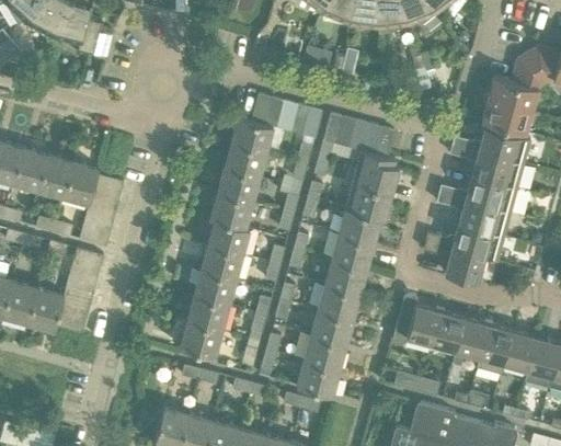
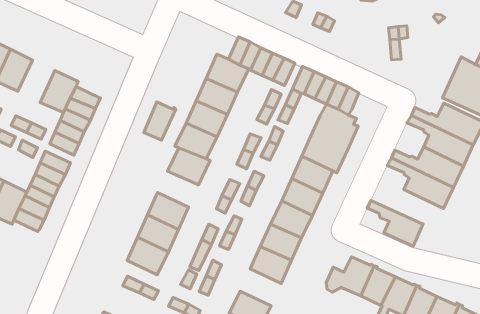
building: [36,156,71,198] -> none
building: none -> [144,102,176,140]
building: [425,225,503,262] -> none
building: [201,248,242,282] -> none
building: [305,335,346,370] -> none

